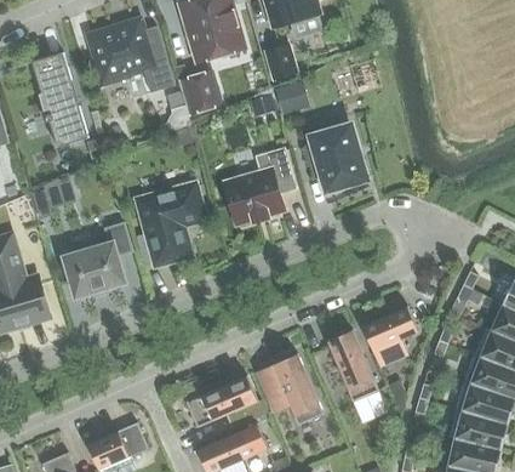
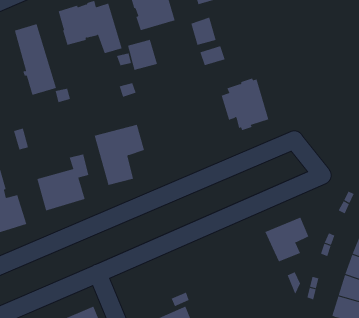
building: [223,148,296,226] -> none
building: [326,329,378,402] -> none
building: [256,353,324,426] -> none
building: [185,375,258,427] -> none

